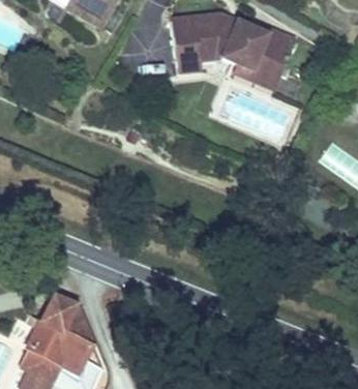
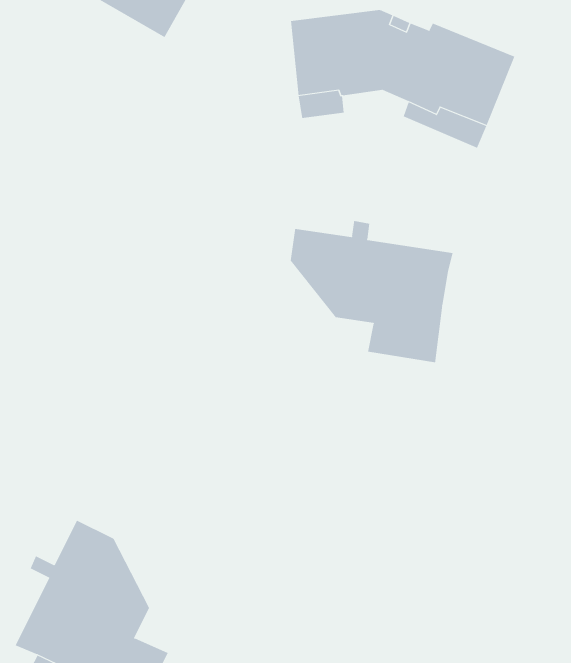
building: none -> [290,220,453,363]

